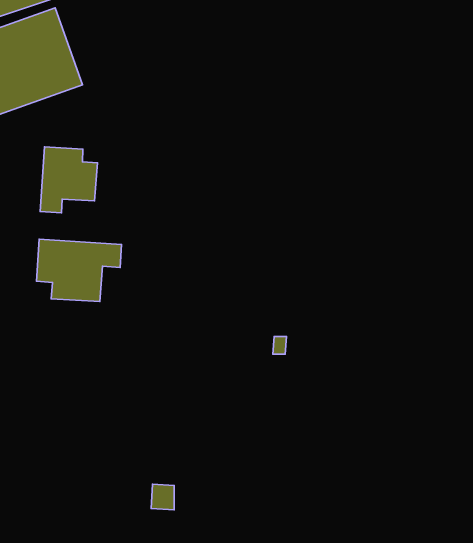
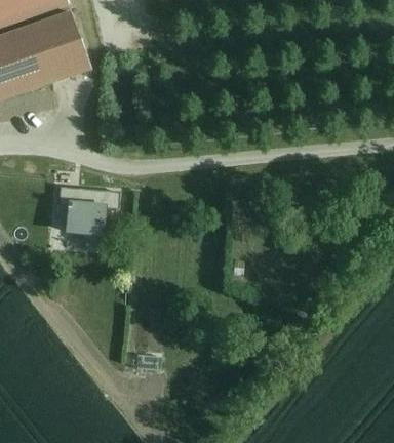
building: [40,147,97,213] -> none

